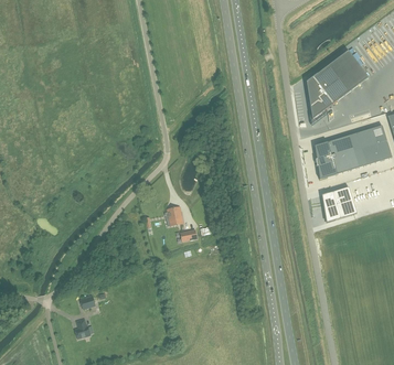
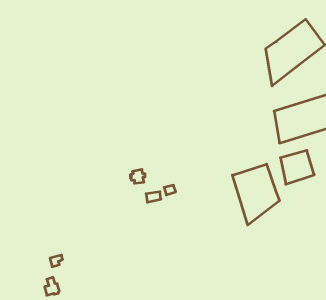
building: none -> [232,164,279,225]

